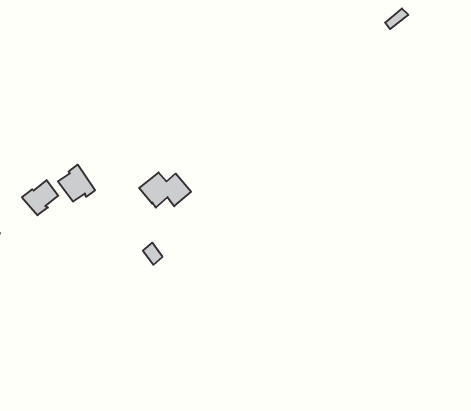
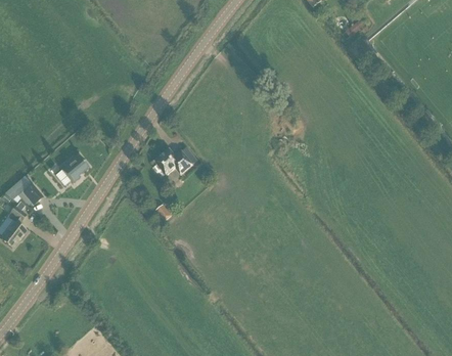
building: [58,165,95,202] -> none

